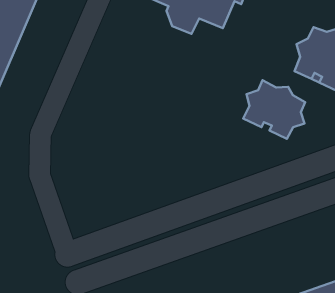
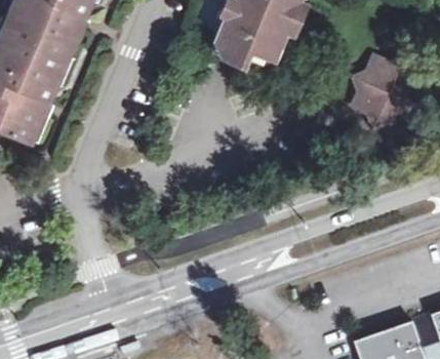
building: [243,80,305,139] -> none

